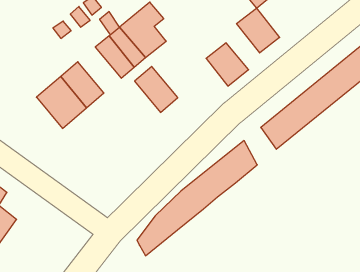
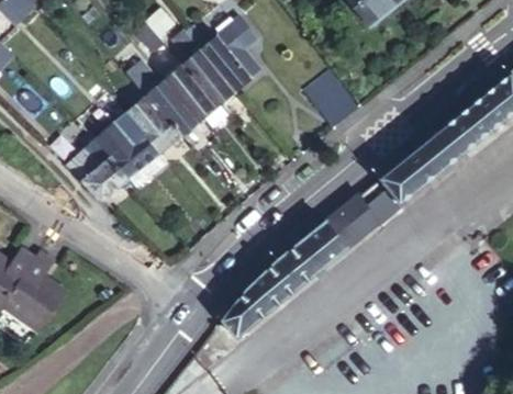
building: [237,8,280,53] -> none
building: [135,66,178,112] -> [147,76,202,134]
building: none -> [67,139,127,201]
building: none -> [358,178,400,226]

